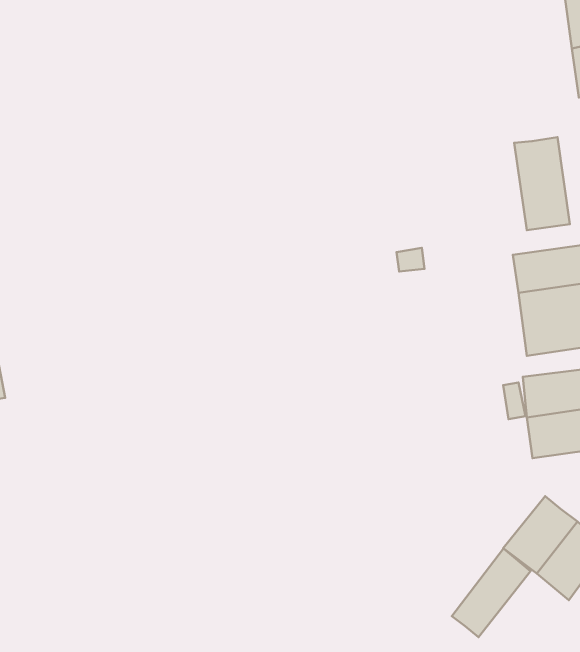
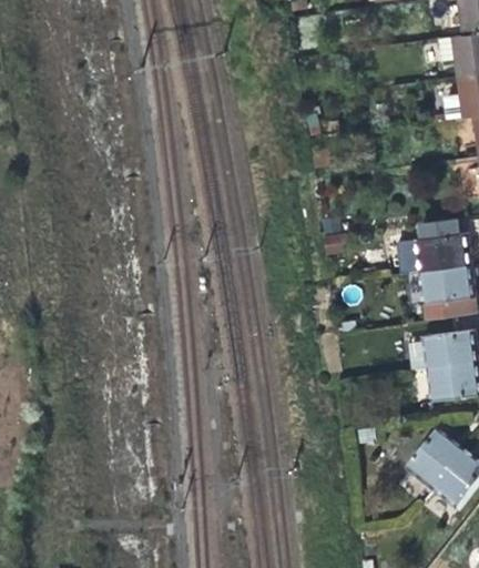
building: [514,137,570,230] -> none
building: [452,548,531,637] -> none

